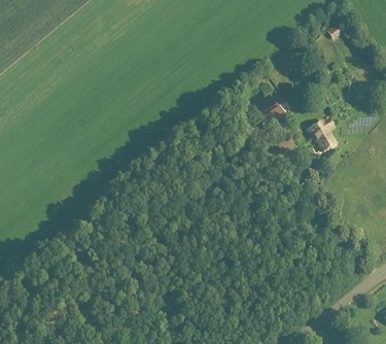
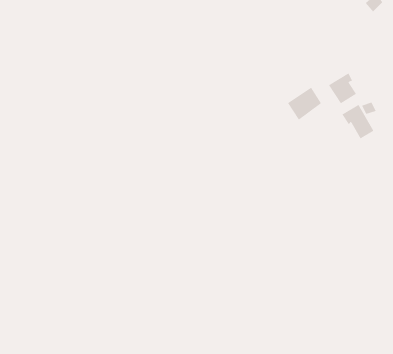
building: none -> [328,72,357,104]

